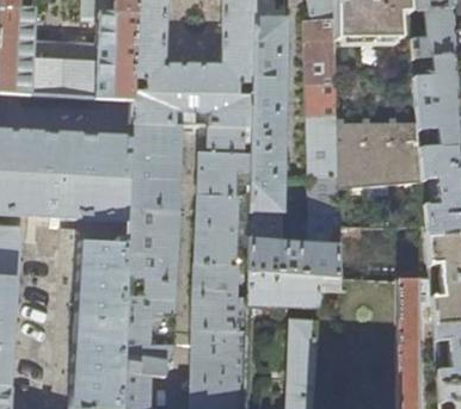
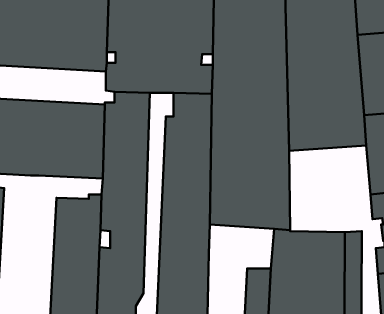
building: [248,271,321,306] -> none

